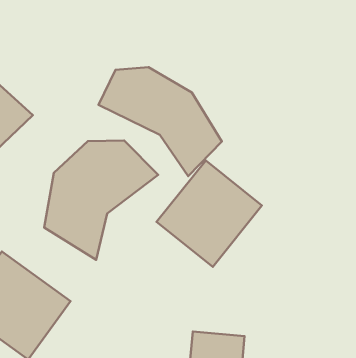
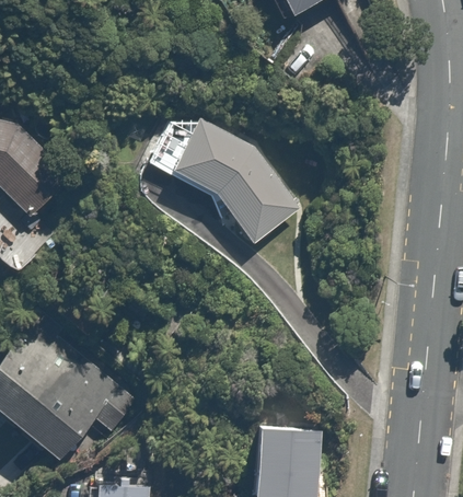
building: [44,140,158,260] -> none
building: [157,160,262,267] -> none

